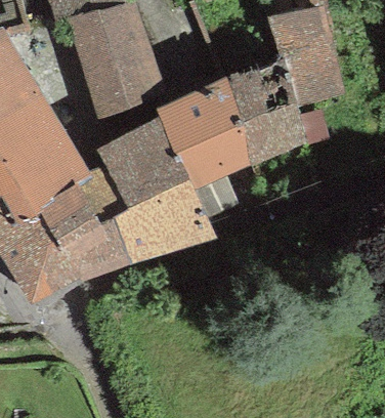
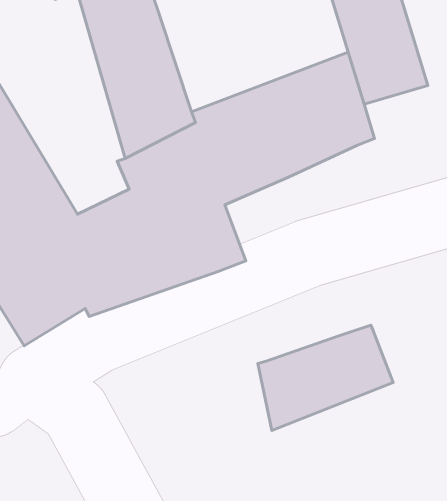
building: none -> [258,325,393,430]

